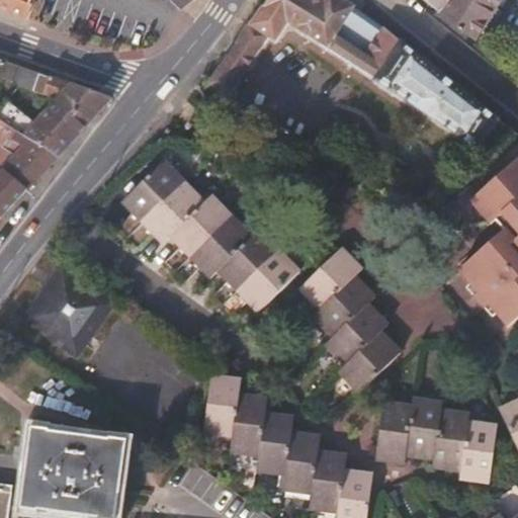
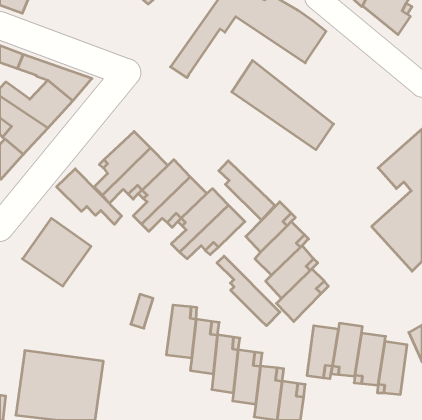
building: [373,38,498,148] -> [232,60,334,150]
building: none -> [219,161,275,220]
building: none -> [57,169,122,224]
building: none -> [217,256,280,326]

